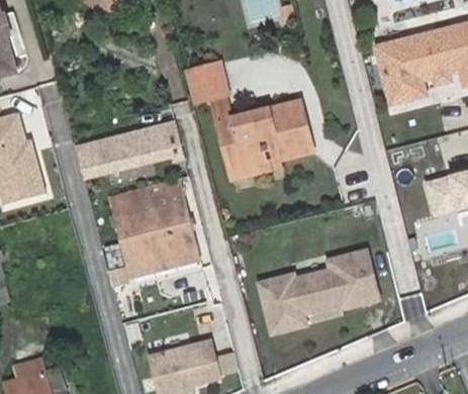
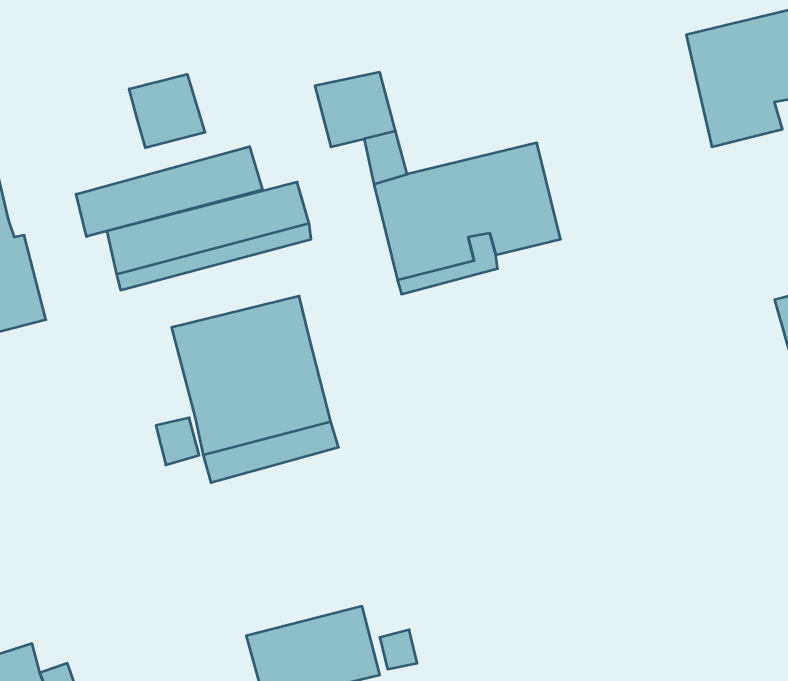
building: none -> [129,74,205,148]
building: none -> [76,147,263,237]
building: [261,243,379,330] -> none

